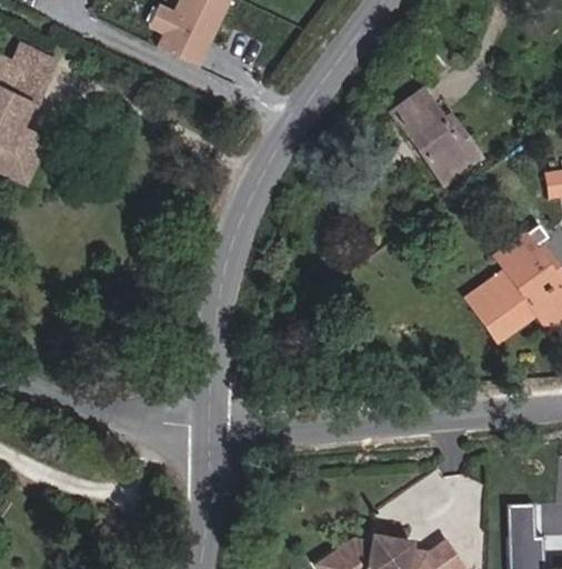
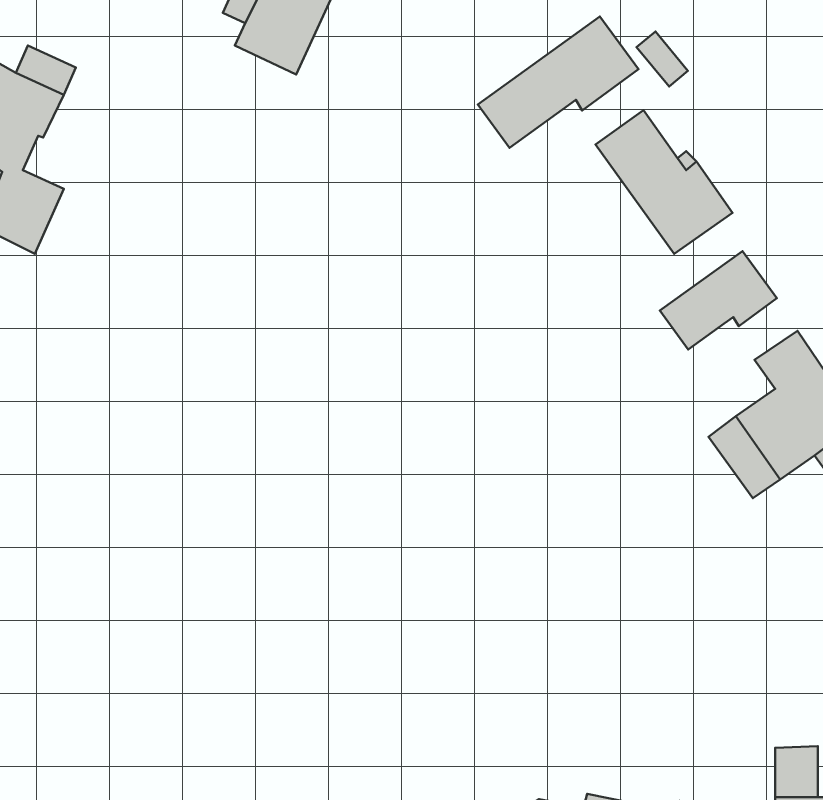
building: none -> [478,17,638,148]
building: none -> [660,251,777,350]

